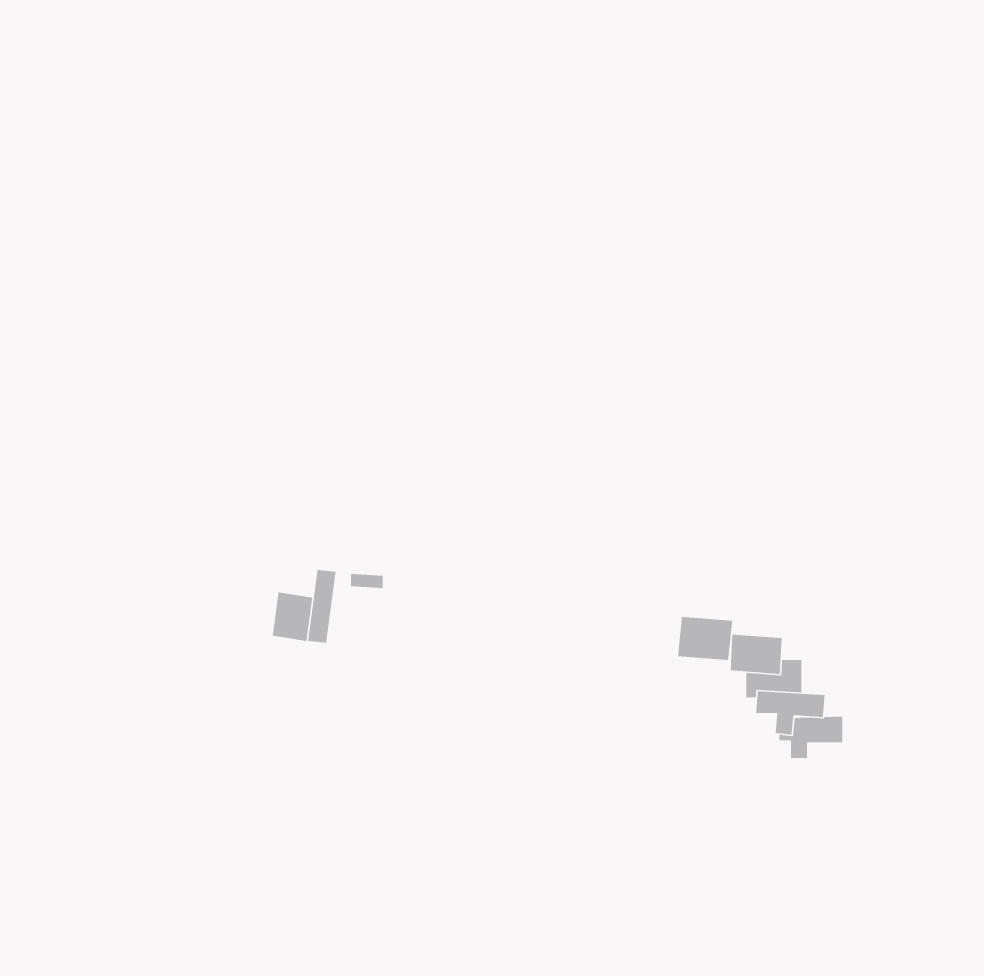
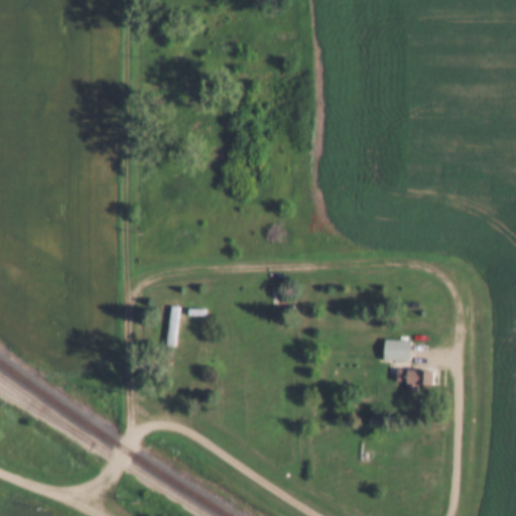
building: [272,592,313,642] -> none
building: [677,616,733,661] -> none

